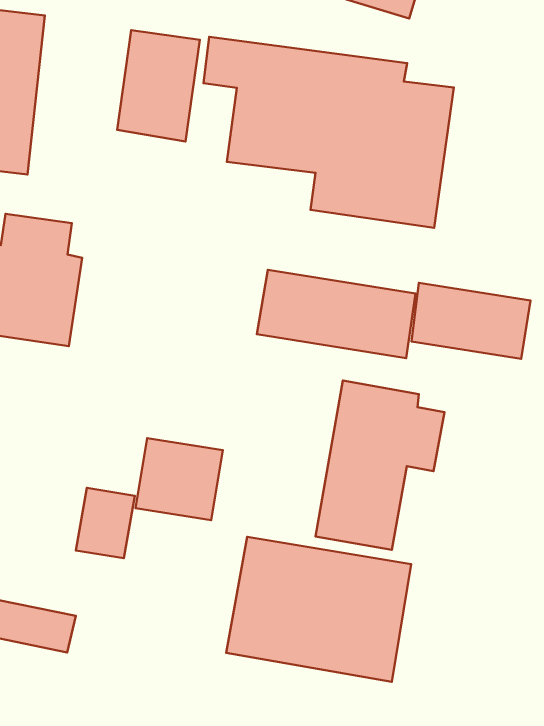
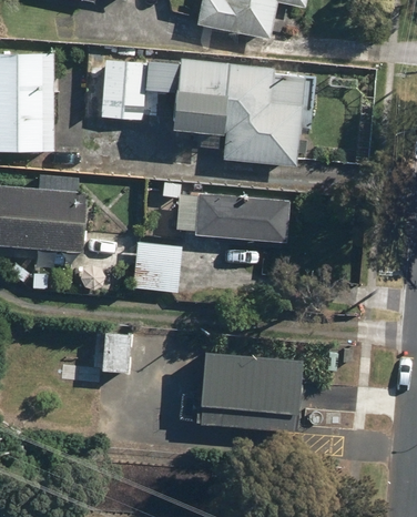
building: [411,283,530,359] -> none
building: [315,381,444,550] -> none
building: [135,438,223,520] -> [134,245,183,291]

